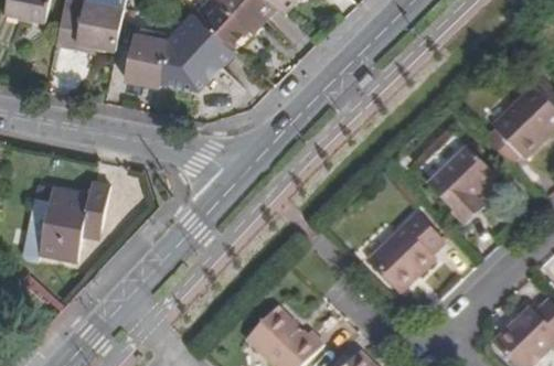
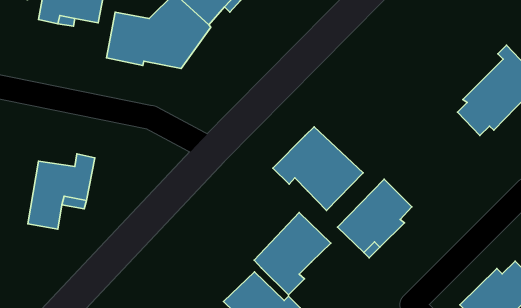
building: [428,144,496,220] -> none
building: none -> [273,127,363,210]
building: none -> [254,212,331,295]

